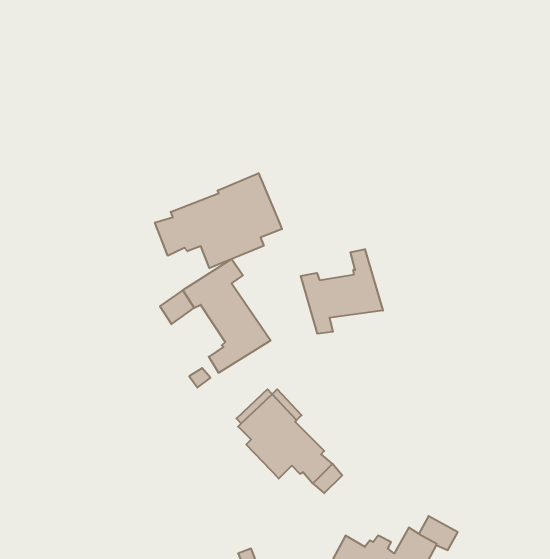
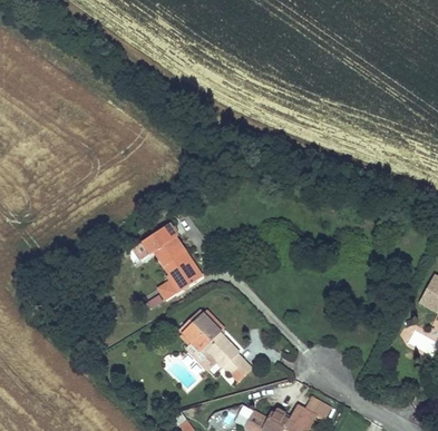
building: [155,173,282,268] -> none
building: [301,249,383,334] -> none

